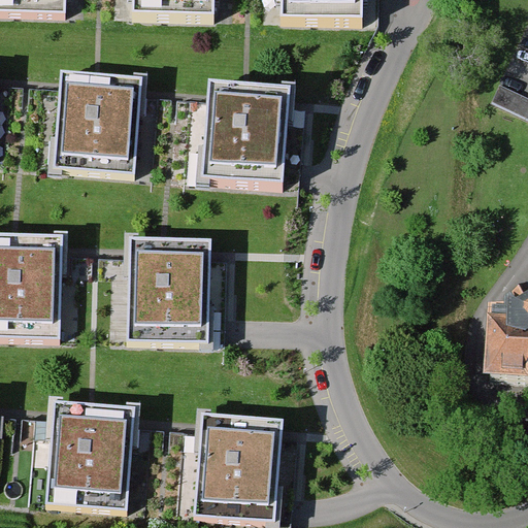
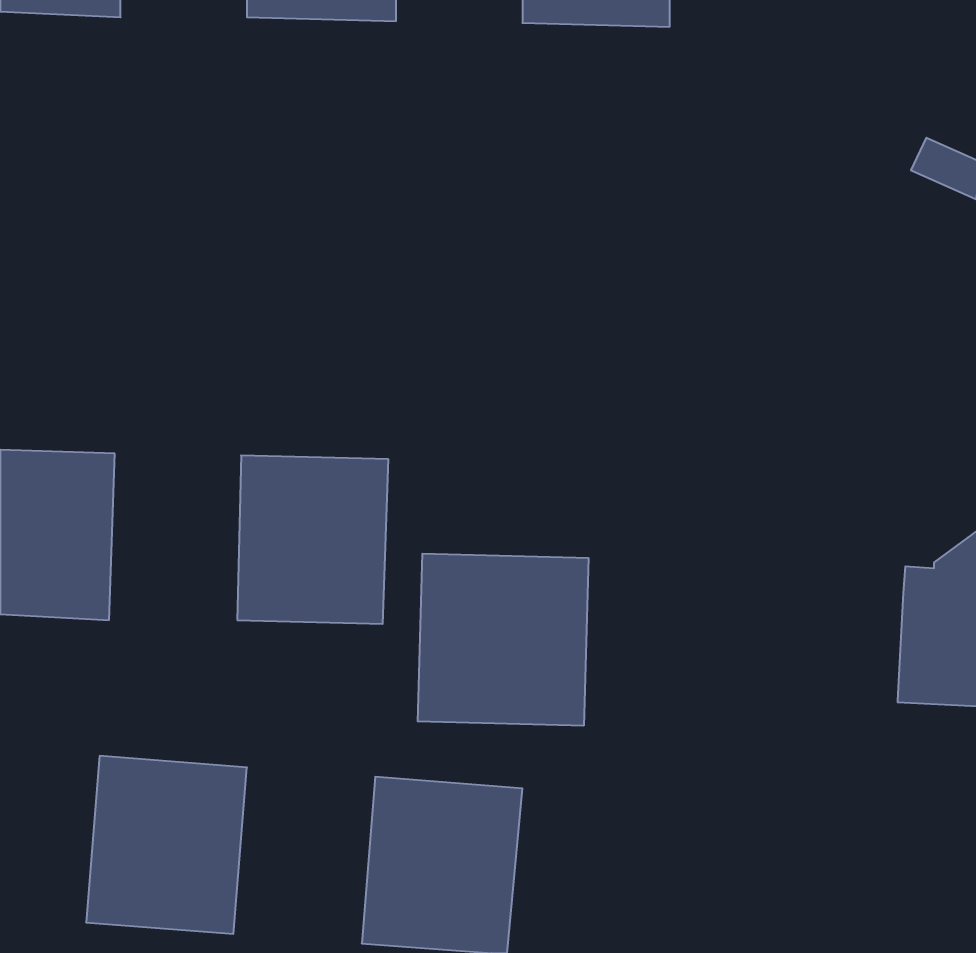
building: [55,77,141,168] -> none
building: [202,90,290,180] -> none
building: none -> [418,554,588,726]

